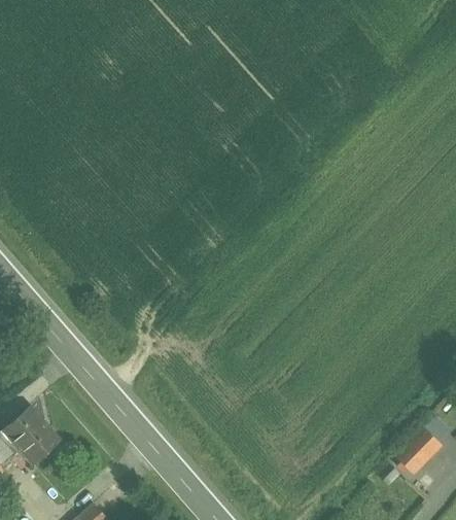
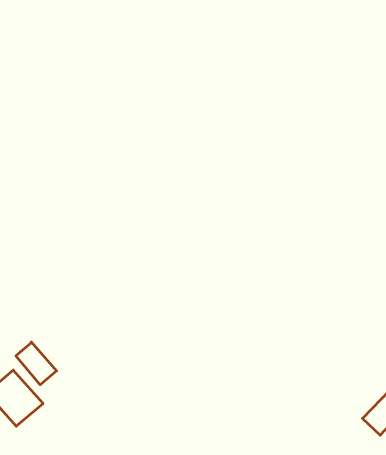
building: none -> [16,342,57,385]

